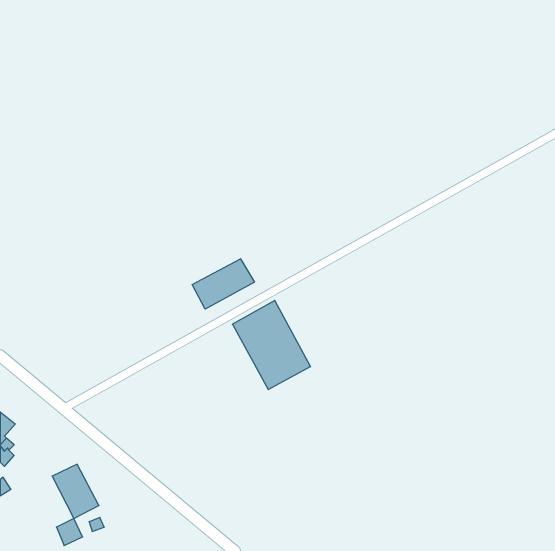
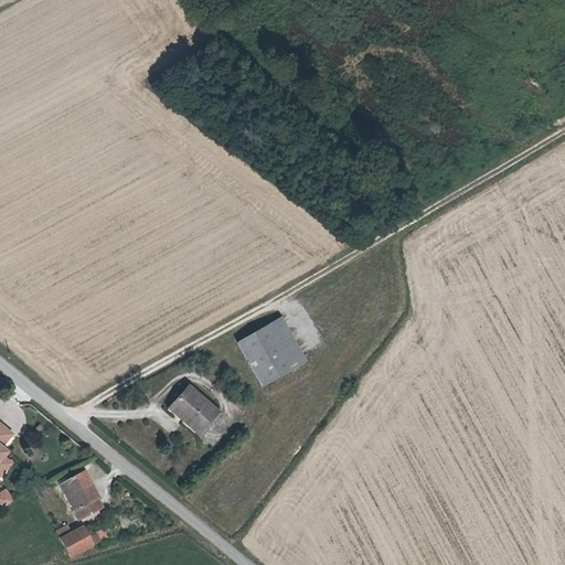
building: [192,259,254,309] -> none
building: none -> [168,387,215,433]

